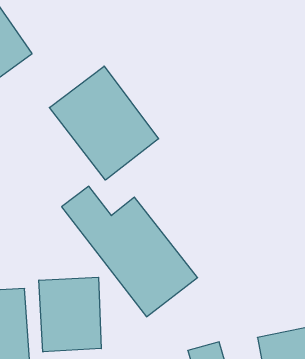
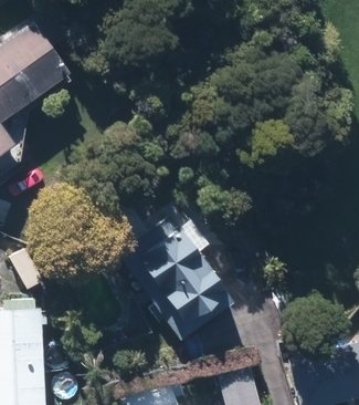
building: [49,66,159,180] -> none
building: [39,277,101,352] -> none

